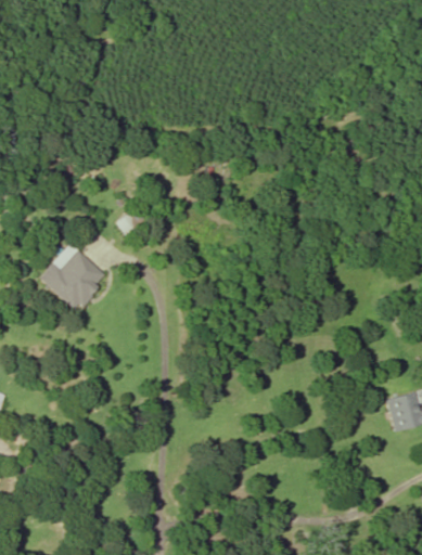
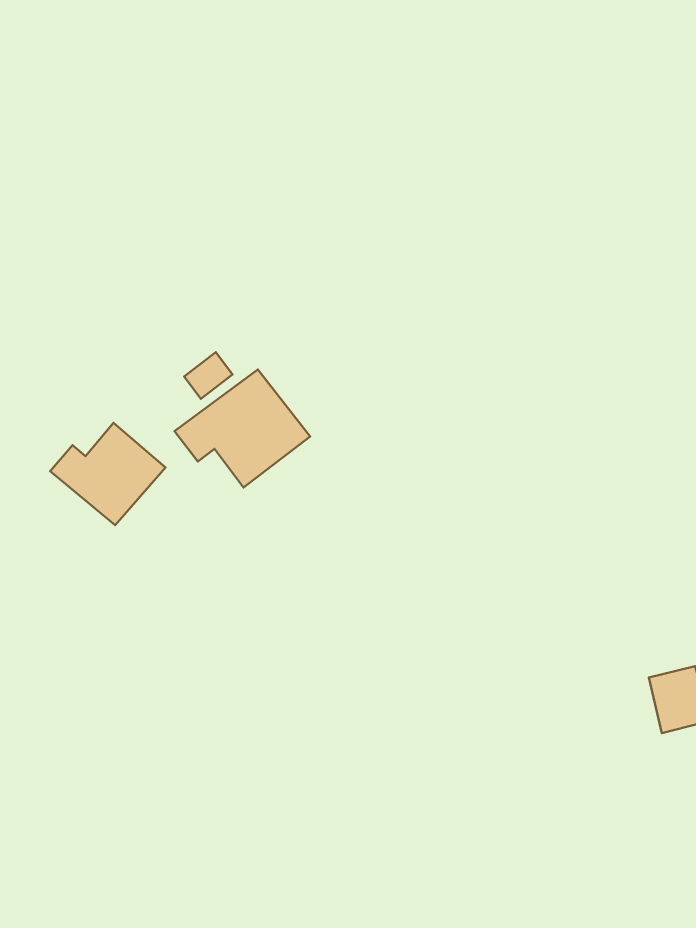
building: none -> [175,369,310,488]

